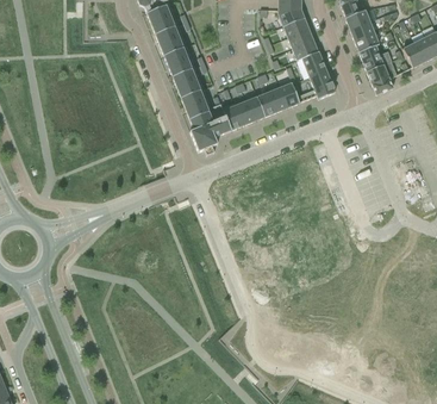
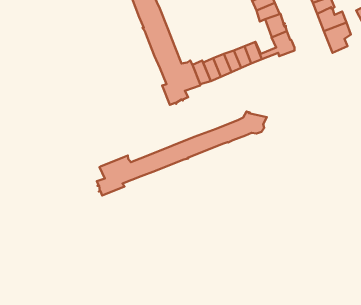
building: none -> [97,112,267,195]

